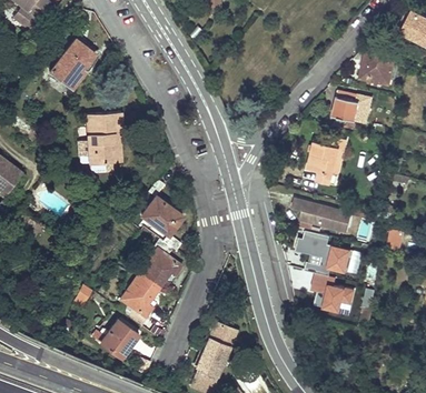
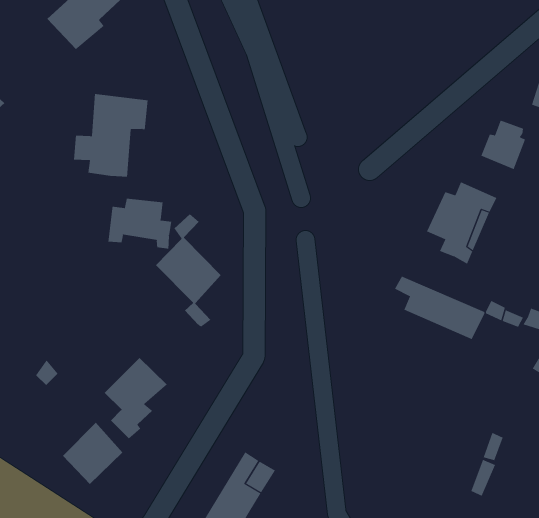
building: none -> [108,198,172,250]
building: [296,230,355,310] -> none
building: [139,239,180,289] -> none

